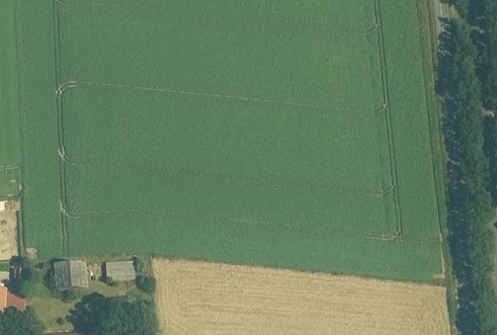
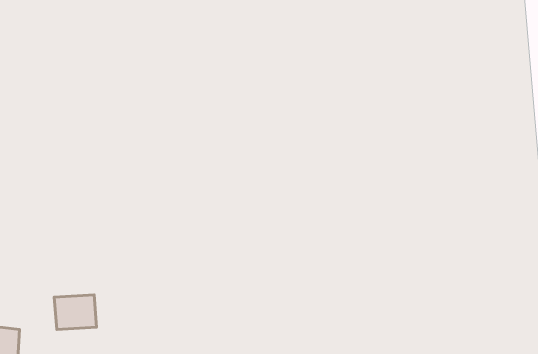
building: [104,259,135,280] -> none

